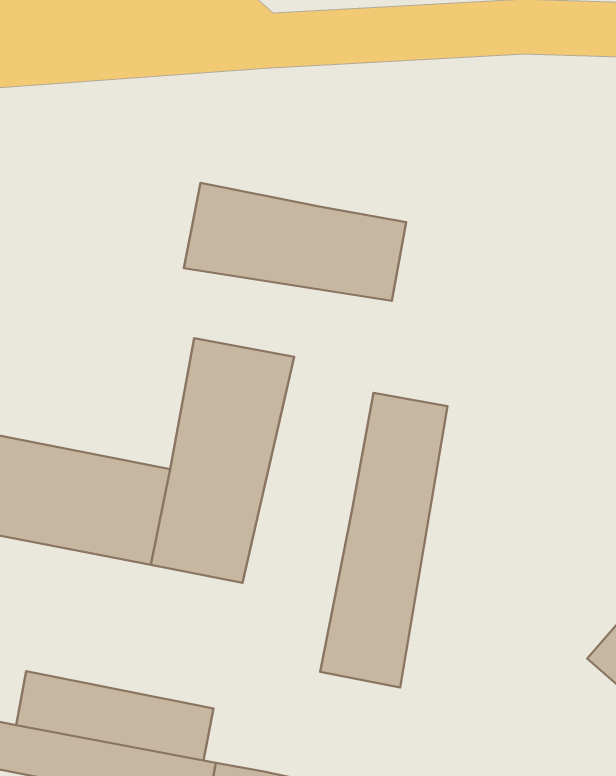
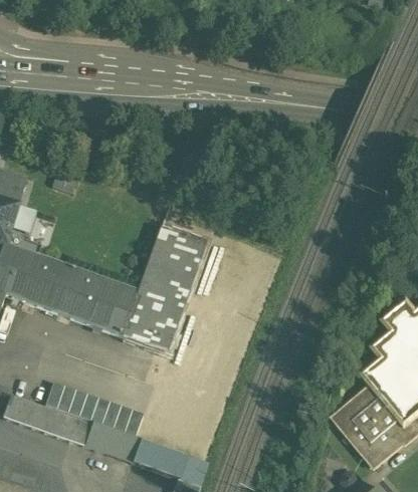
building: [184,183,406,301] -> none
building: [320,393,447,688] -> none

